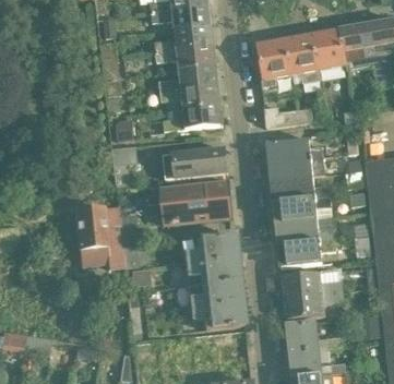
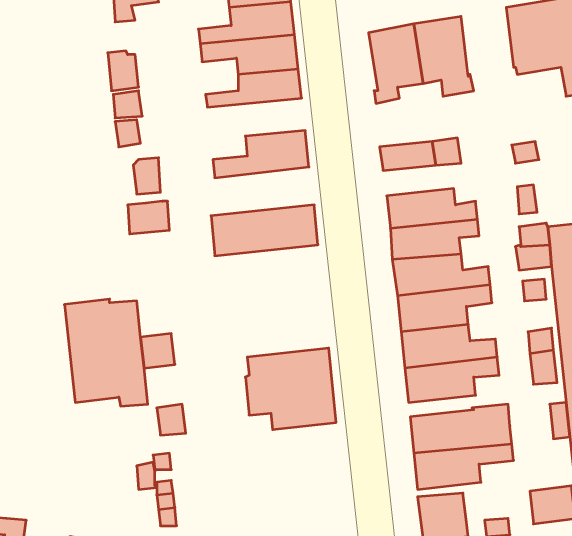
building: [313,28,345,70] -> none
building: [160,83,219,106] -> none
building: [160,181,231,224] -> none
building: [189,278,243,328] -> none

